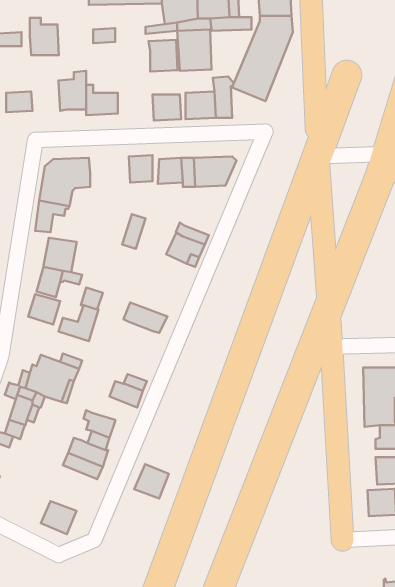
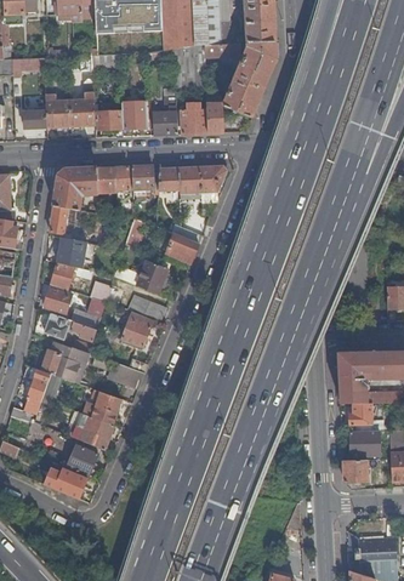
building: [30,18,59,55] -> [46,93,72,126]
building: [149,40,178,72] -> [121,101,147,129]
building: none -> [97,166,133,189]
building: none -> [138,260,170,295]
building: none -> [121,312,154,347]
building: none -> [45,313,97,341]
building: [134,464,169,499] -> [67,445,97,475]

